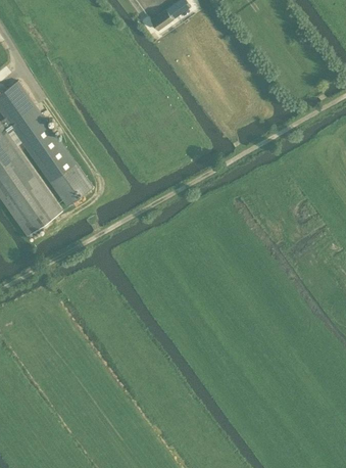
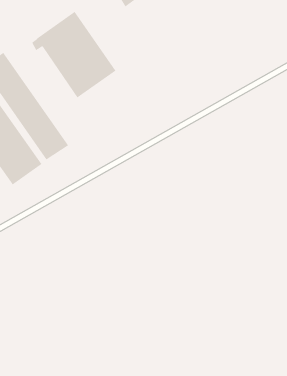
building: none -> [31,11,117,98]

